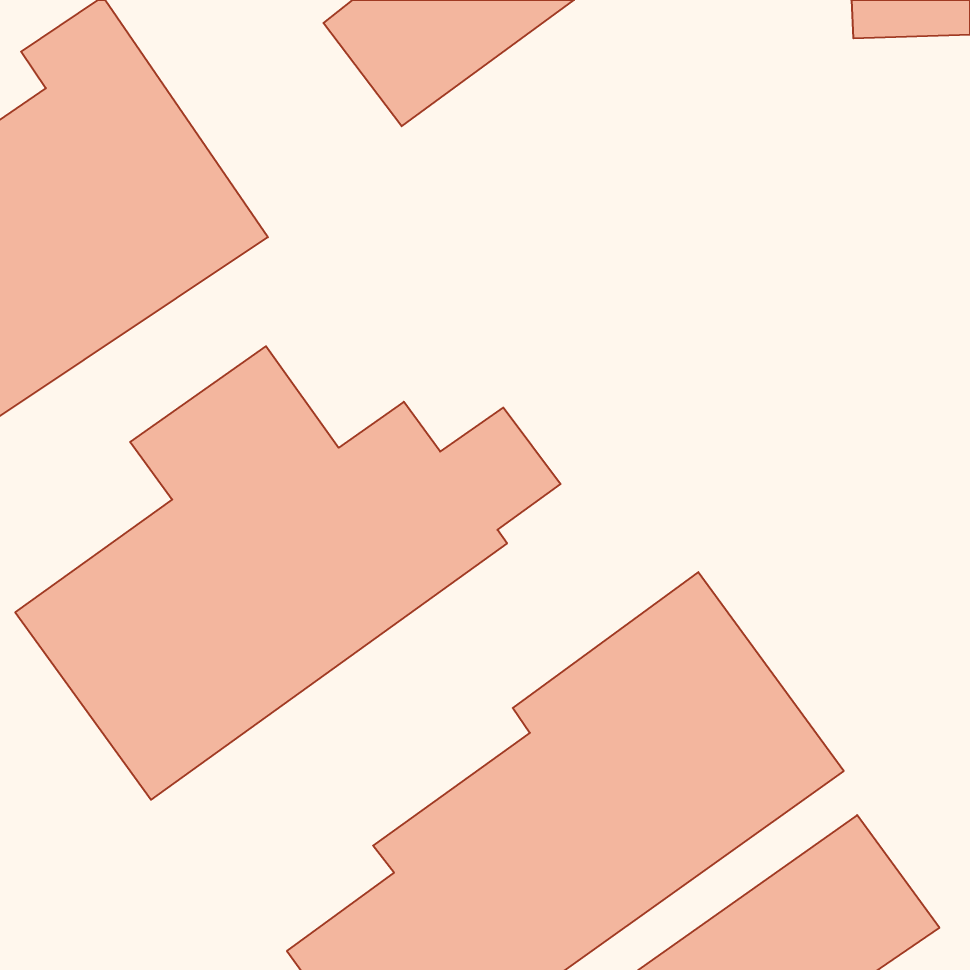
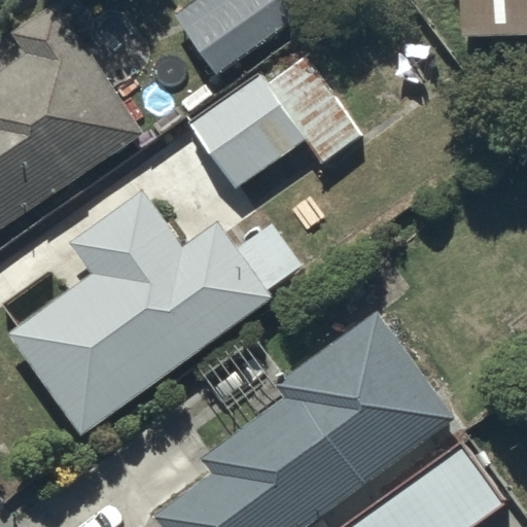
building: none -> [189,57,360,187]

